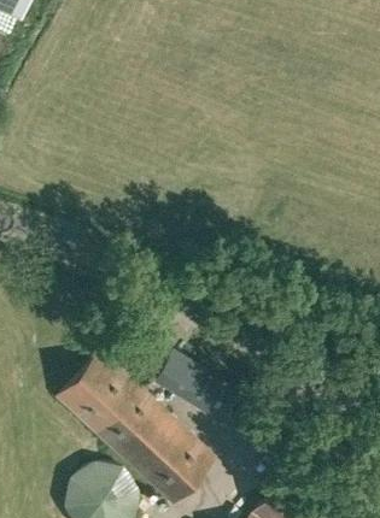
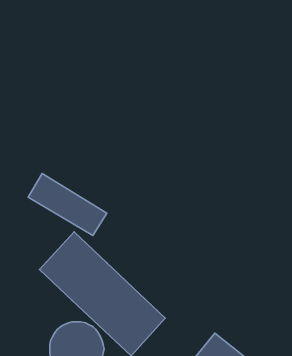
building: [156,351,257,430] -> [28,174,107,236]

